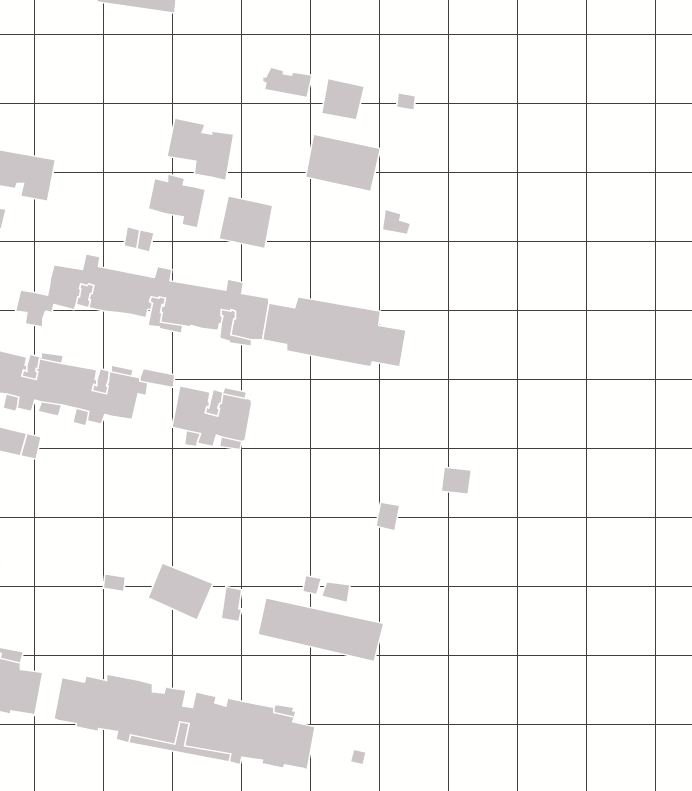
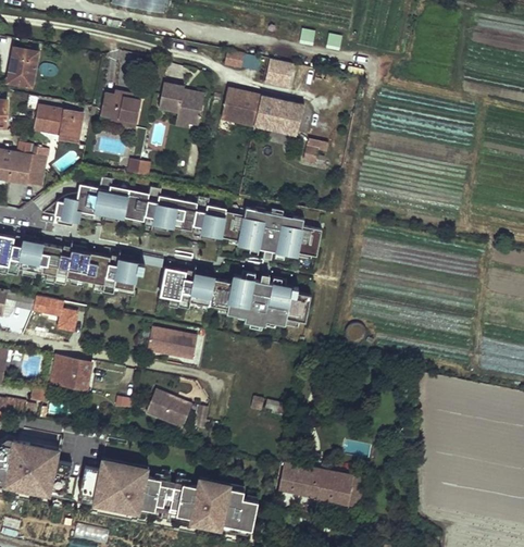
building: [148,174,206,228] -> [100,91,139,128]
building: [219,196,273,248] -> [221,89,258,125]
building: none -> [211,276,312,326]
building: none -> [148,326,198,358]
building: none -> [50,353,91,389]
building: [258,598,384,662] -> [278,463,364,507]

